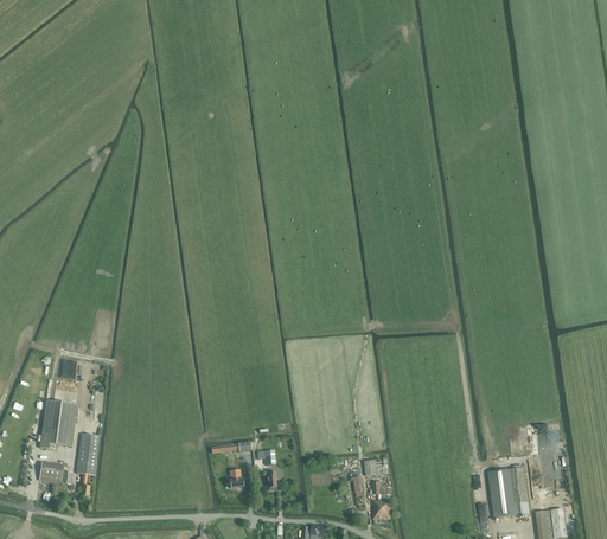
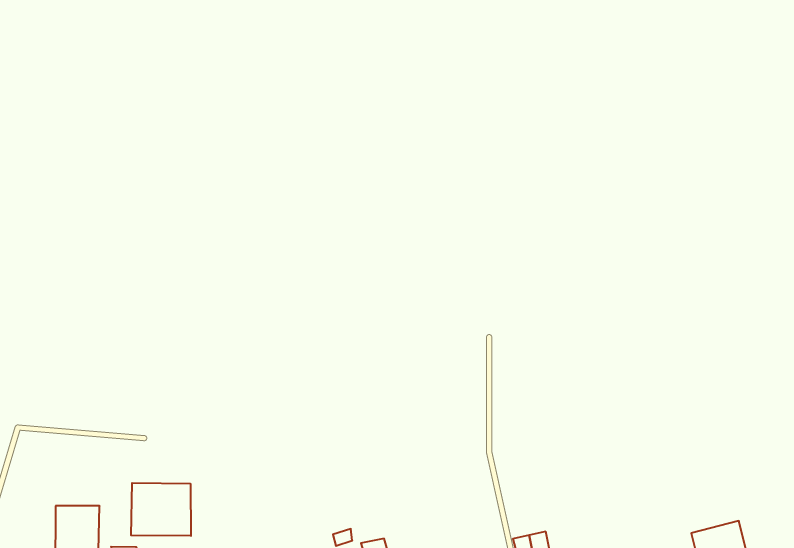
building: none -> [131,483,191,536]

